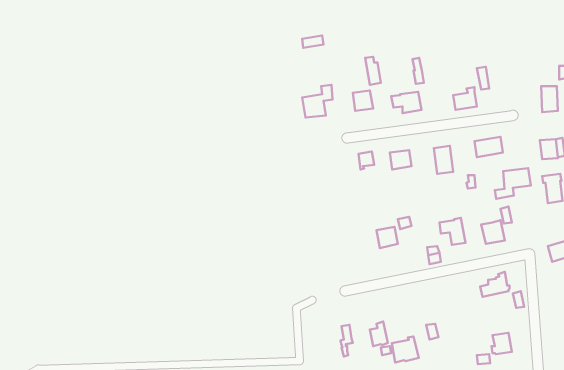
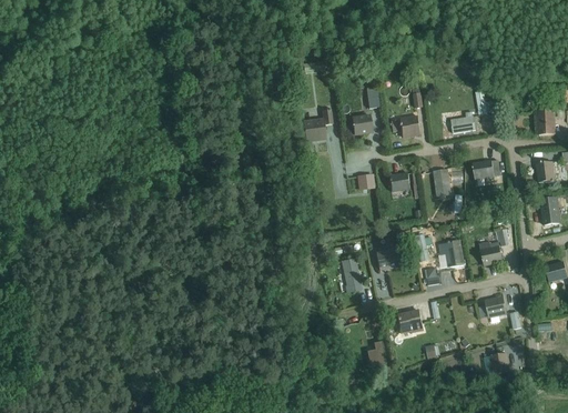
building: [495,168,531,199] -> none
building: none -> [342,258,361,292]
building: [392,337,419,362] -> [397,309,424,334]

